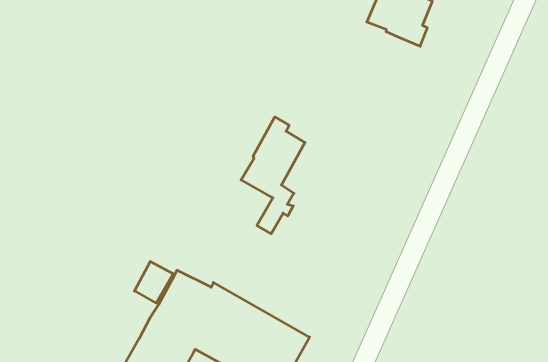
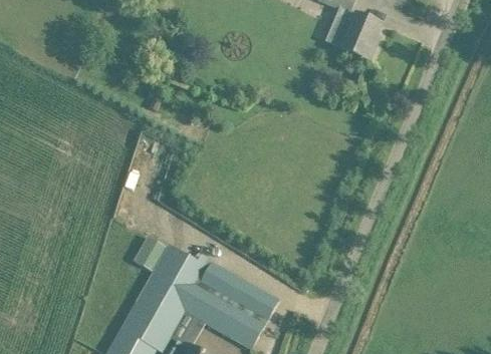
building: [241,117,305,234] -> none

